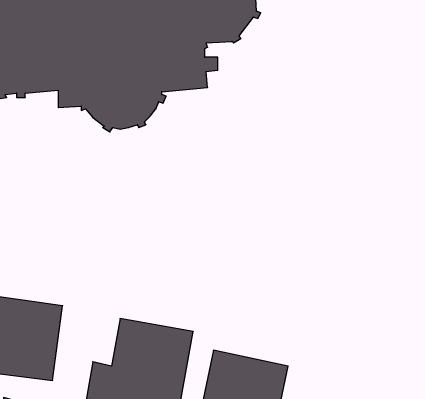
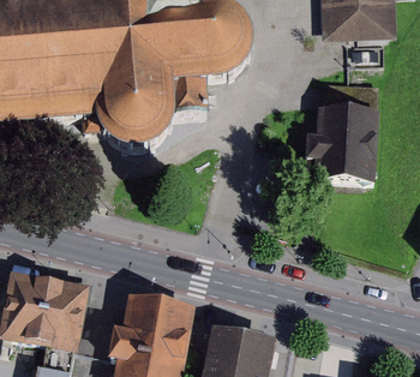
building: none -> [307,77,378,174]

